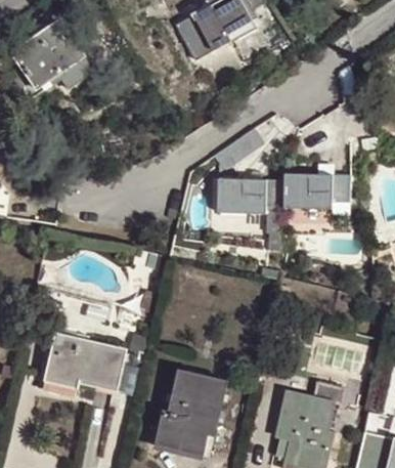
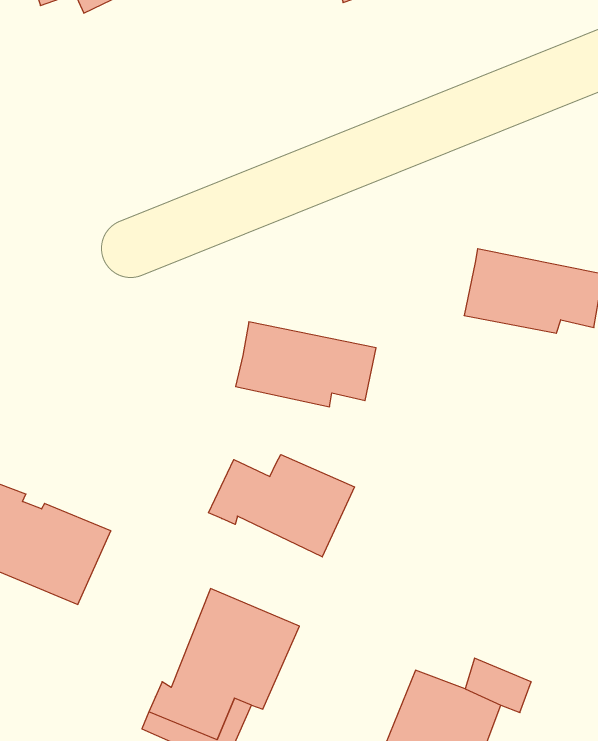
building: [216,179,283,215] -> [236,322,376,407]
building: none -> [208,455,354,557]

